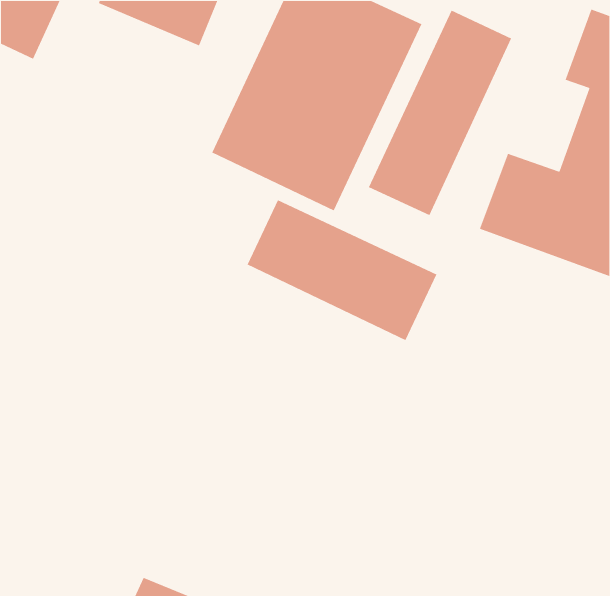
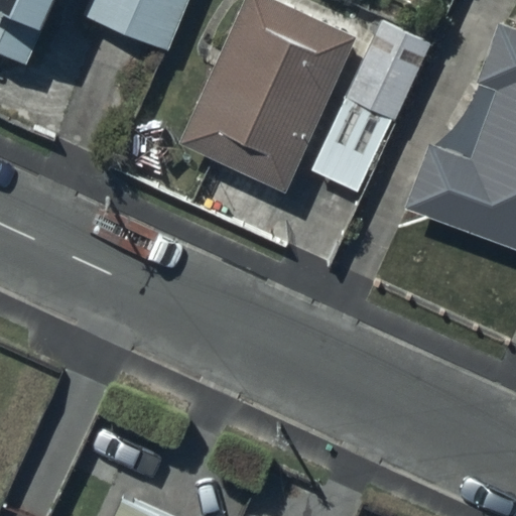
building: [247,199,438,341] -> none

